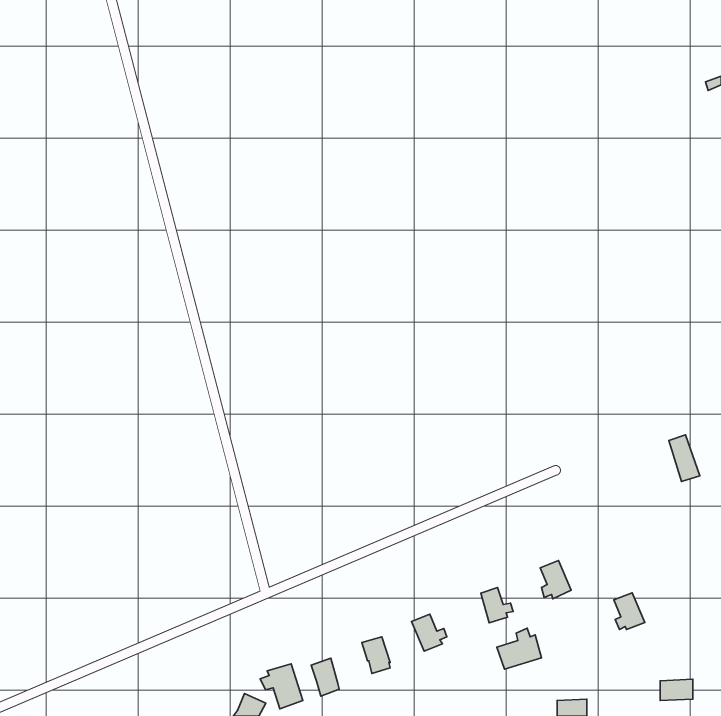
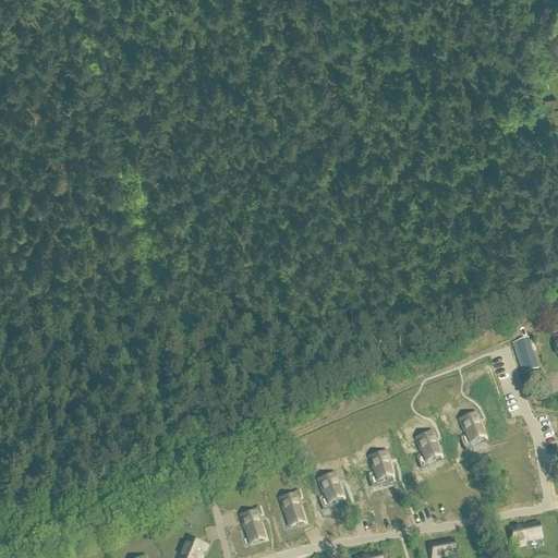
building: [614,593,645,629] -> [460,414,484,442]
building: [497,628,542,669] -> none
building: [260,664,303,709] -> none

